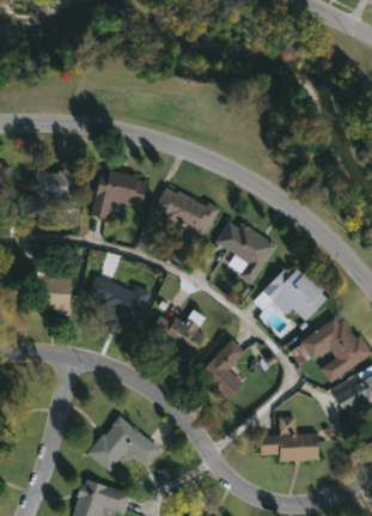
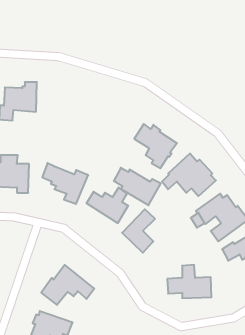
building: [90,169,146,219] -> none
building: [155,187,220,238] -> [114,168,161,205]

